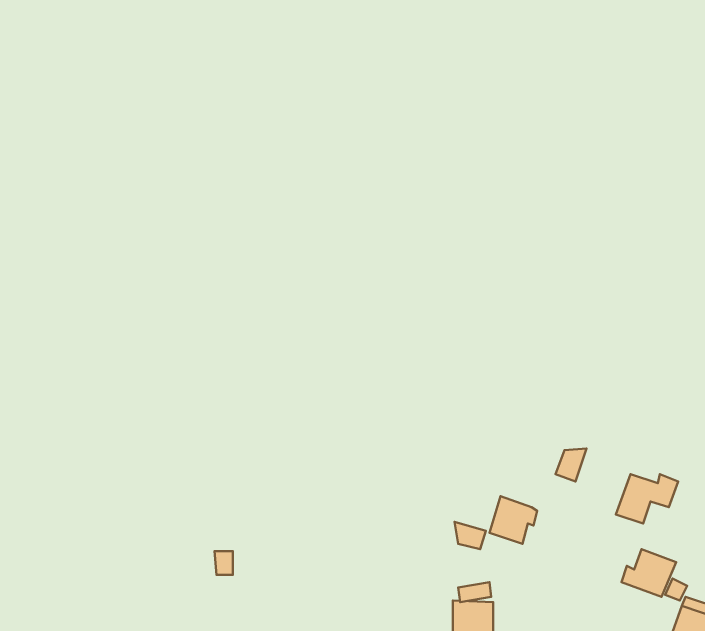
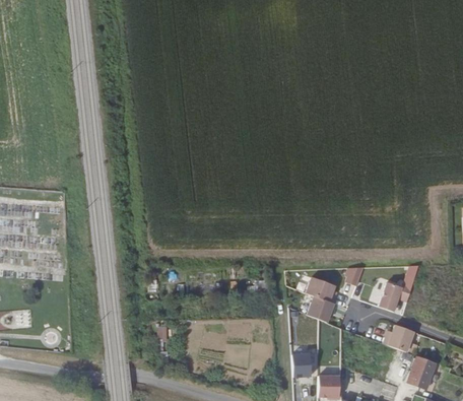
building: none -> [307,275,335,300]

